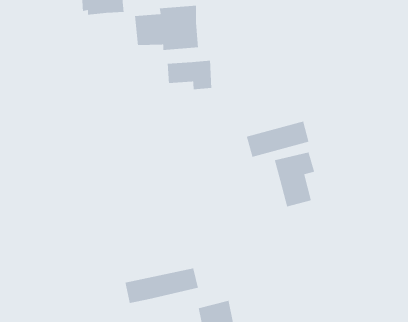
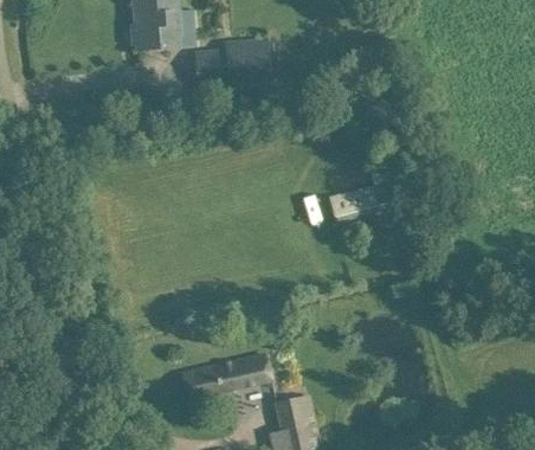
building: [167,60,212,90] -> none
building: [274,151,315,208] -> none

